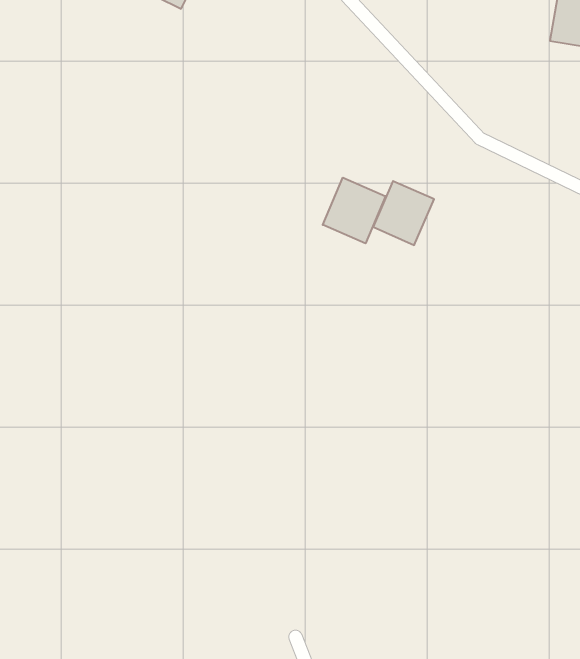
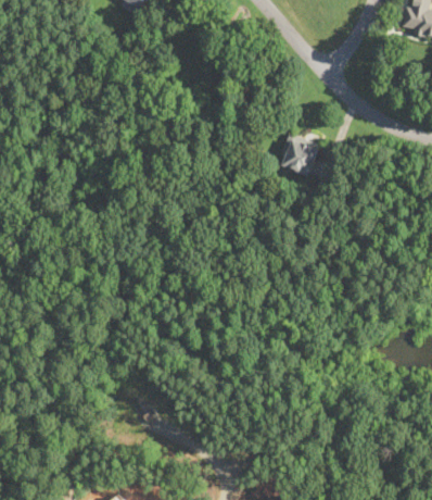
building: [323,178,386,243] -> none

